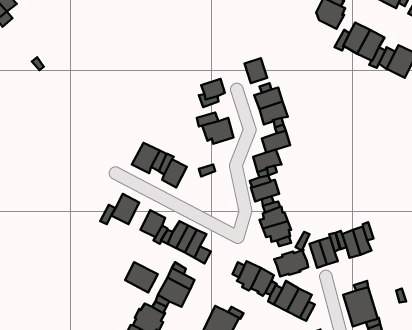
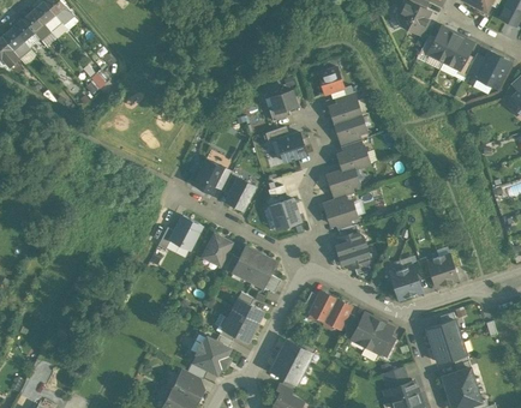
building: none -> [269,198,300,229]
building: [274,250,308,276] -> none
building: [125,262,158,293] -> none

